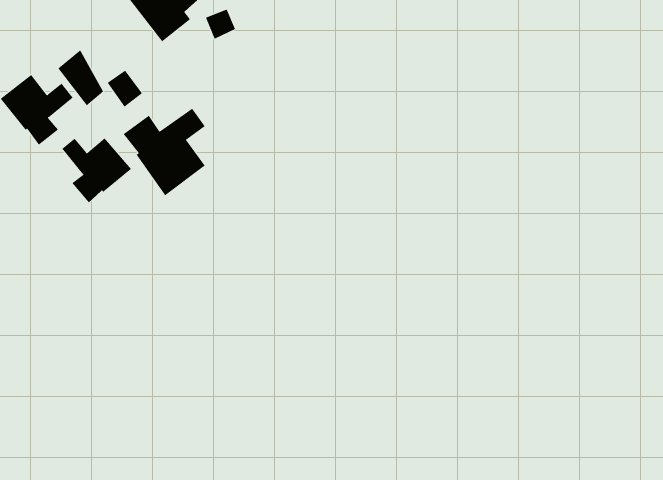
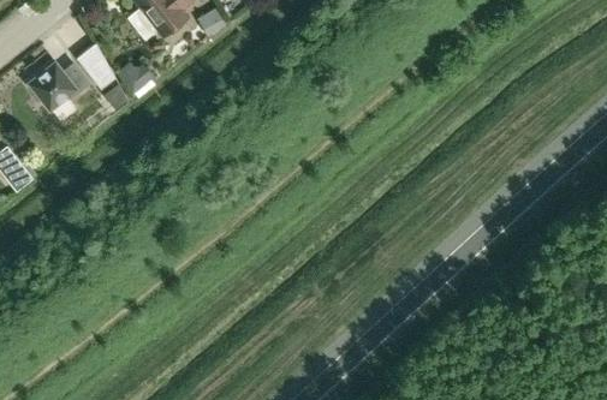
building: [123,108,206,196] -> none
building: [62,137,132,203] -> none

